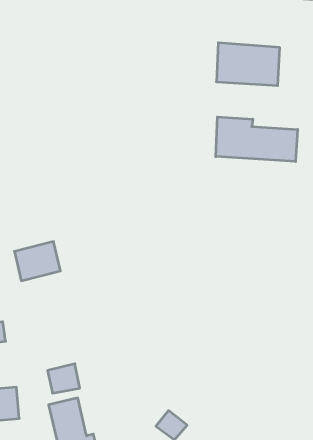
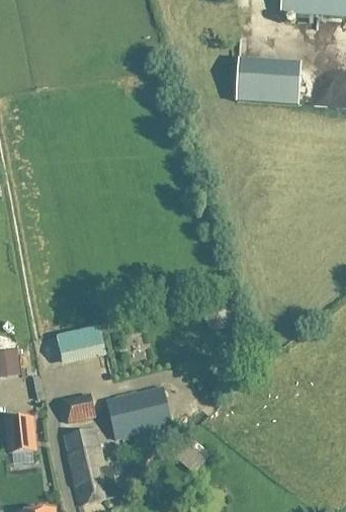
building: [216,117,298,162] -> none
building: [14,242,60,281] -> [56,326,103,366]
building: none -> [105,386,171,438]

